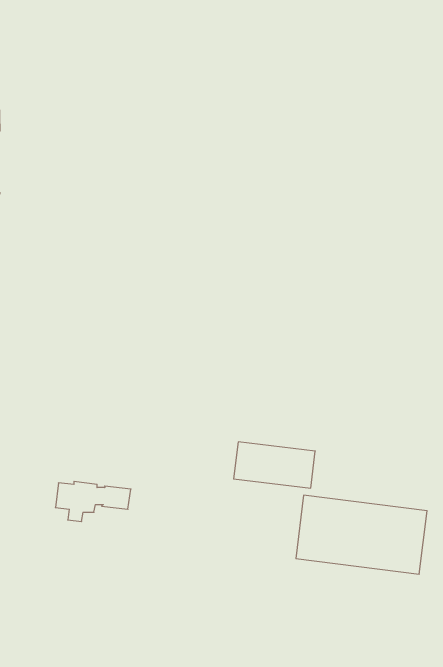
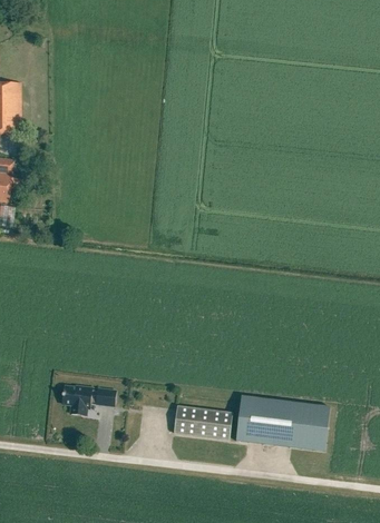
building: [234,442,315,488] -> [173,406,232,440]

